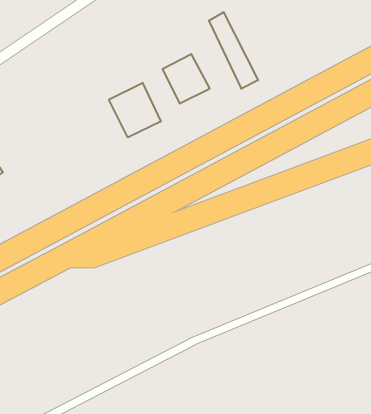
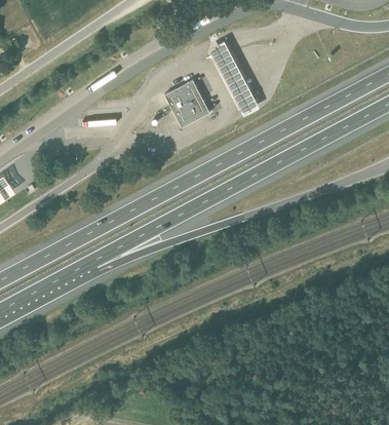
building: [109,83,161,137] -> none

